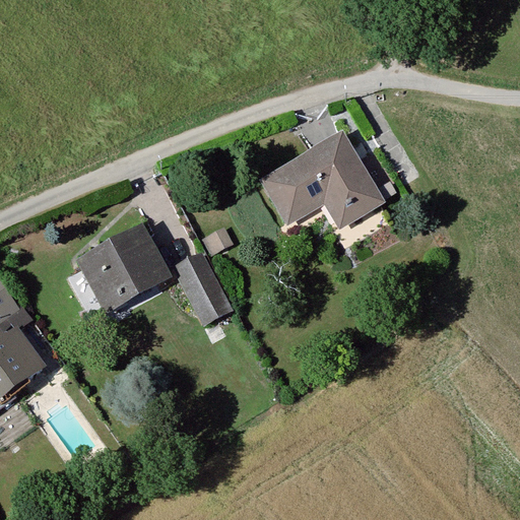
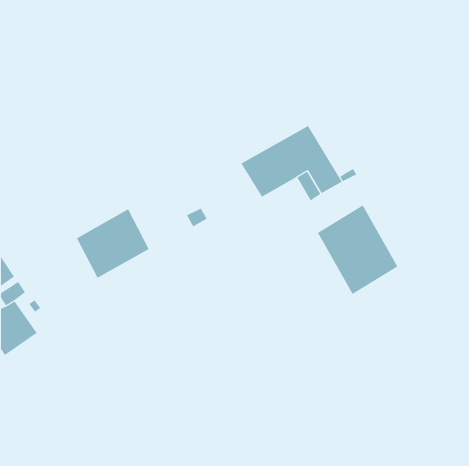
building: none -> [317,204,398,295]
building: [177,255,230,321] -> none

